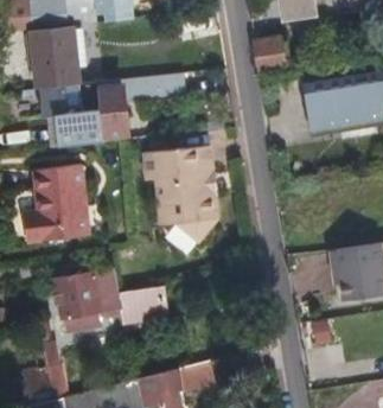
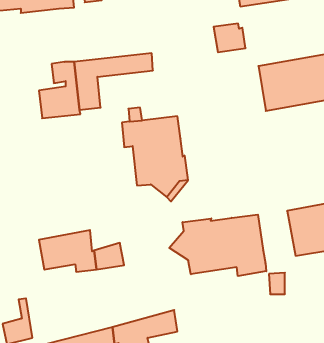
building: [30,25,85,90] -> none
building: [25,166,88,243] -> none
building: none -> [169,215,266,276]

